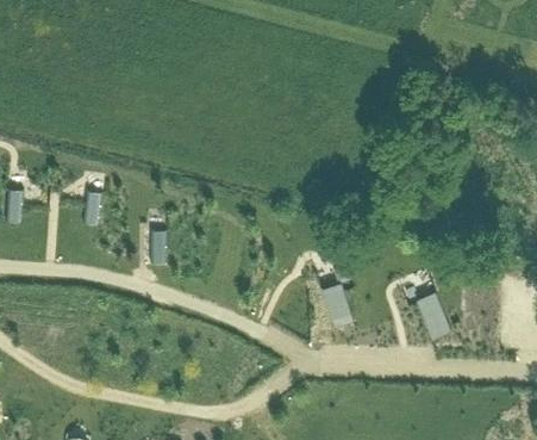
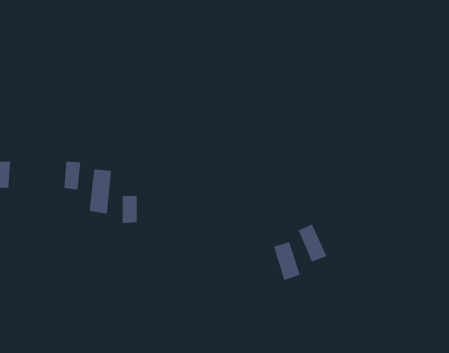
building: none -> [89,169,112,215]
building: [416,293,449,337] -> [298,224,327,262]

